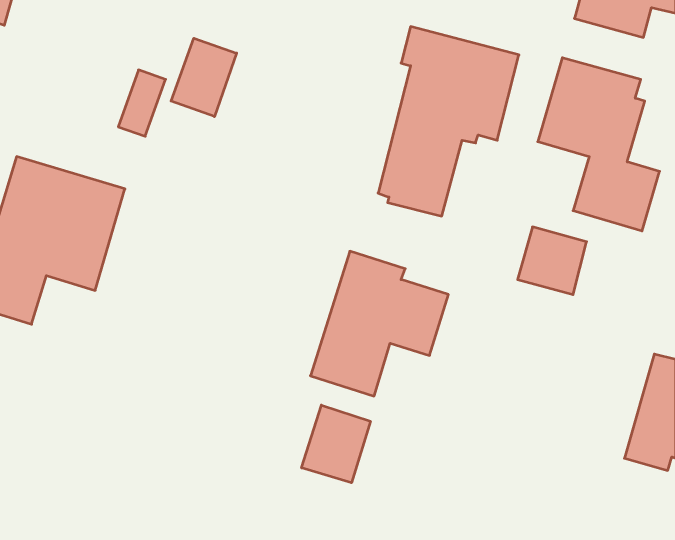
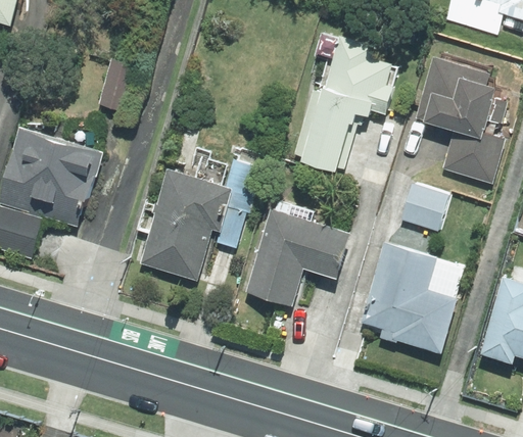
building: [171,38,237,117] -> none
building: none -> [138,155,263,278]
building: none -> [363,241,459,355]
building: [302,405,370,483] -> none

